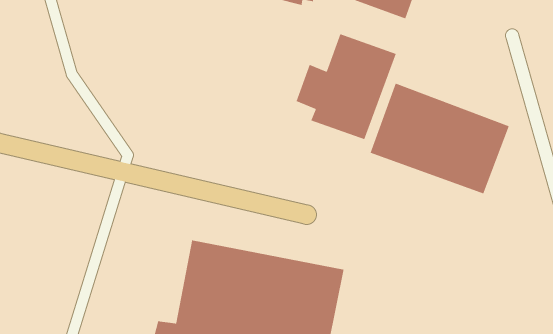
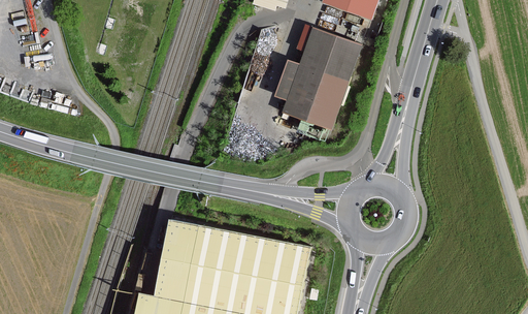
building: [370,82,510,195] -> none

